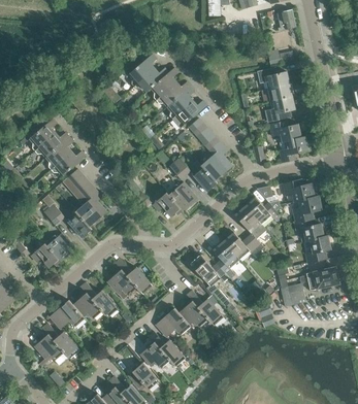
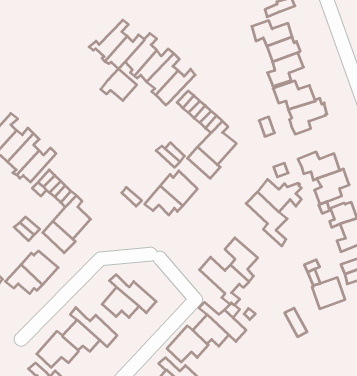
building: none -> [101,69,137,101]
building: [223,232,260,260] -> none

